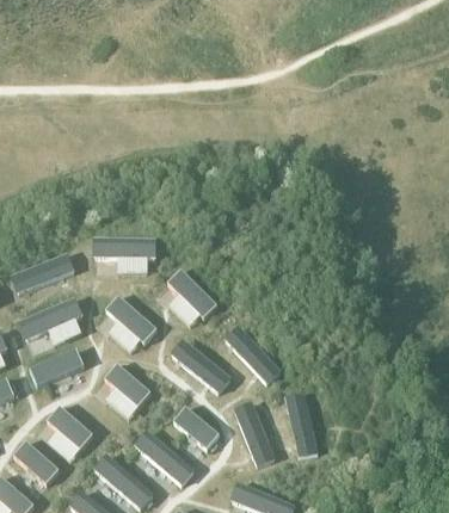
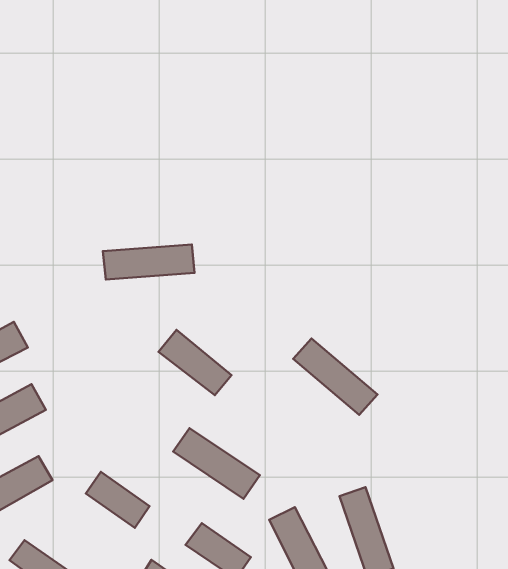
building: [92,237,155,259] -> [103,244,195,280]
building: [105,297,155,344] -> none
building: [223,326,281,383] -> [293,338,378,415]

